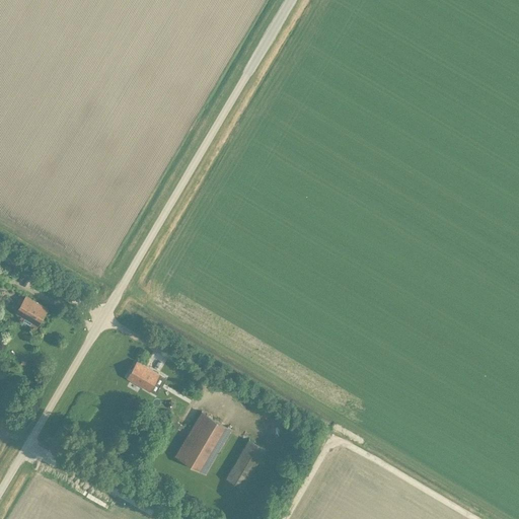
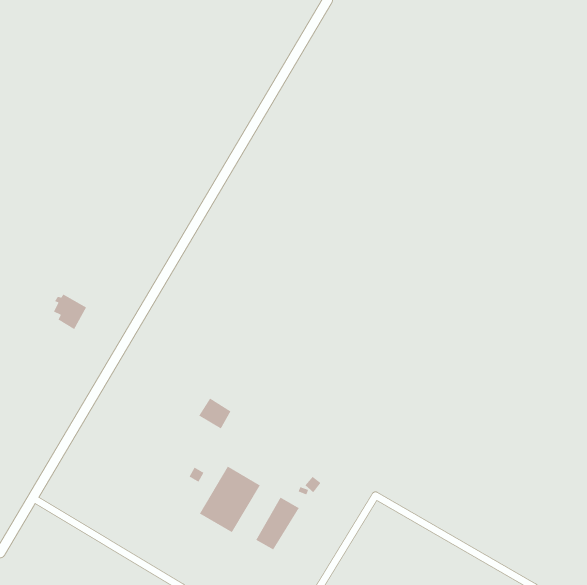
building: [16,297,47,329] -> [53,293,87,330]
building: [127,362,156,390] -> [198,397,232,430]

